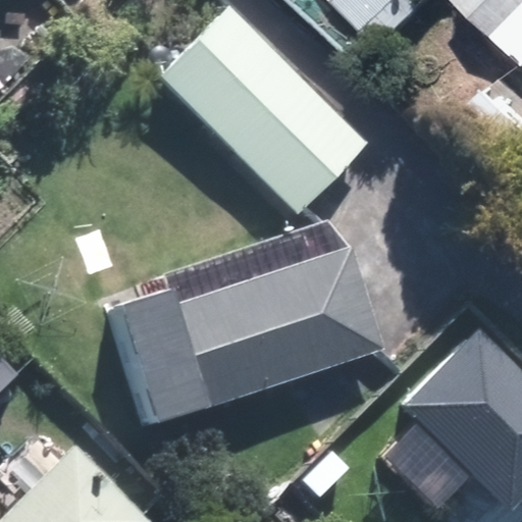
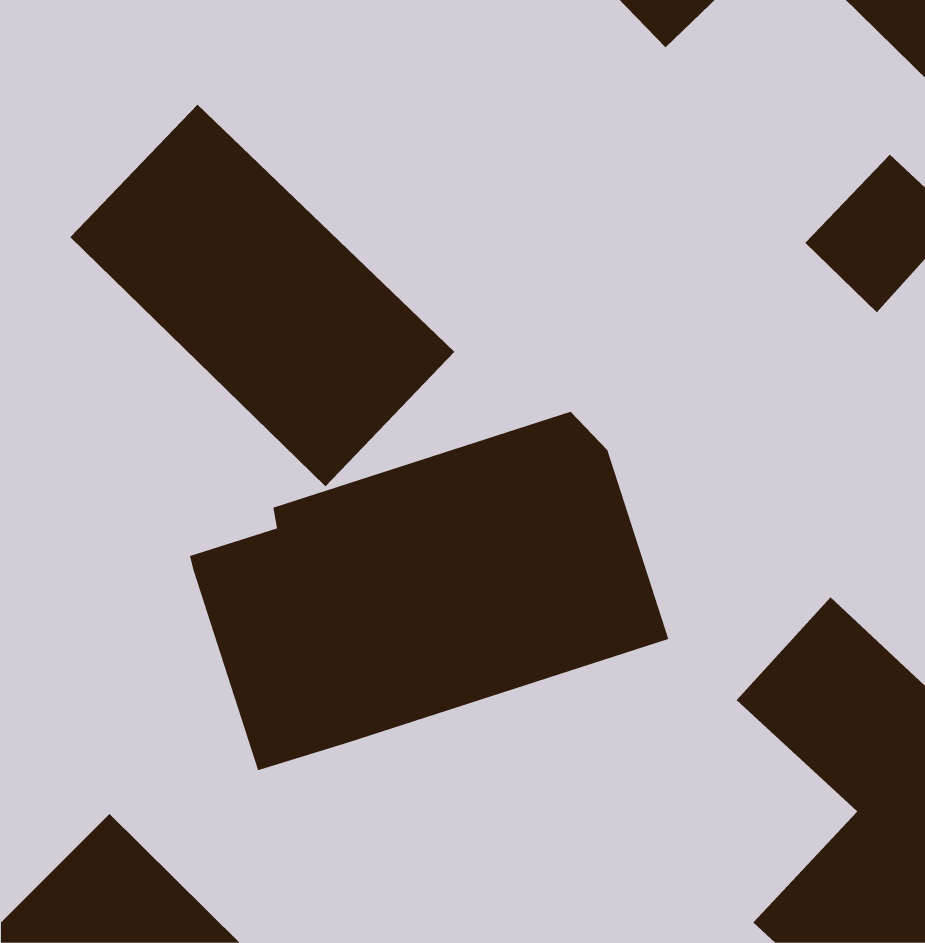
building: [157,5,369,216] -> [70,104,455,487]

